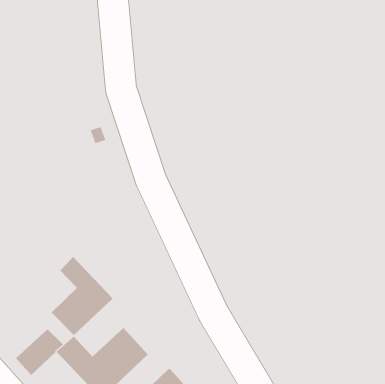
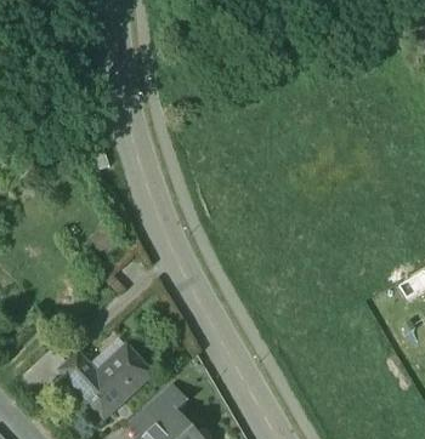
building: [51,257,113,336] -> none

